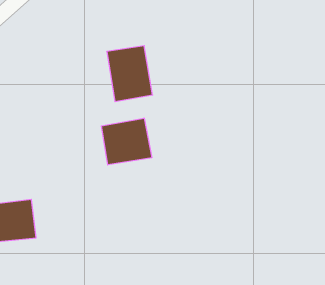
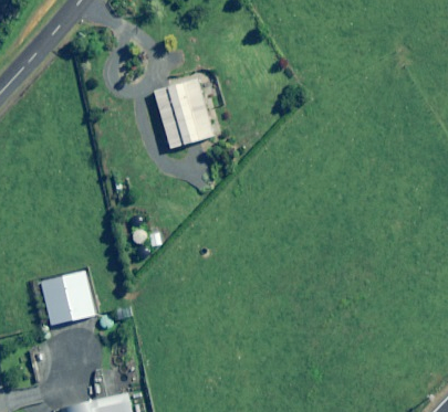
building: [102,118,152,165] -> none

